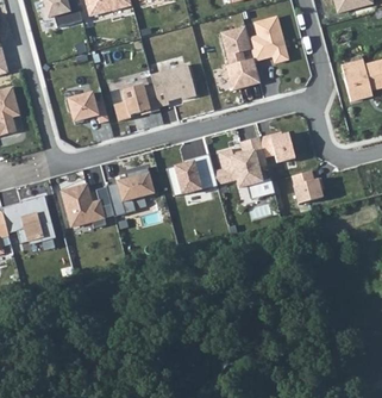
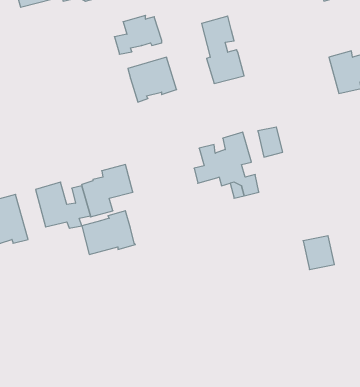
building: [249,17,288,62] -> none
building: [114,83,159,120] -> [114,15,162,54]
building: [64,93,108,124] -> none
building: [167,154,218,195] -> [82,211,135,254]
building: [294,168,324,200] -> [303,236,334,270]

